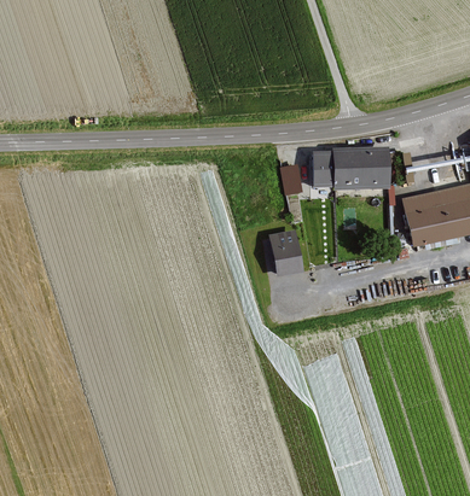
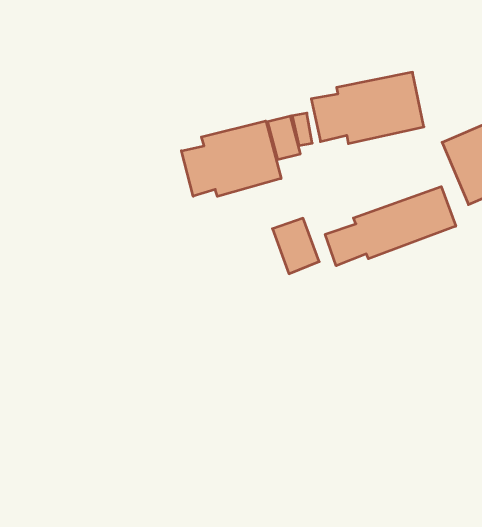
building: none -> [181,121,281,196]
building: none -> [325,187,456,266]

